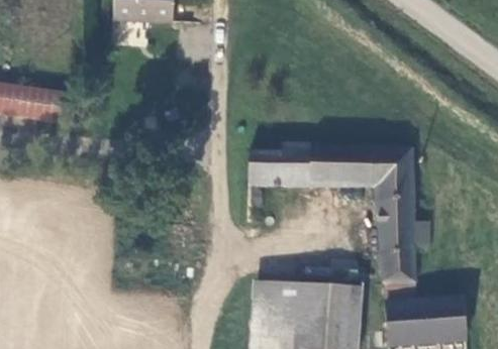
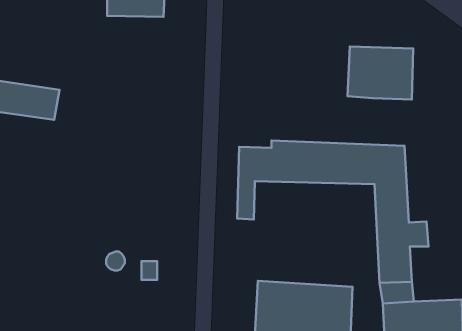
building: none -> [348,46,413,100]

